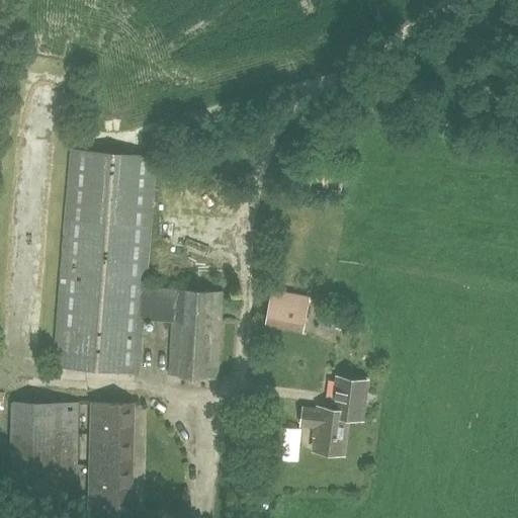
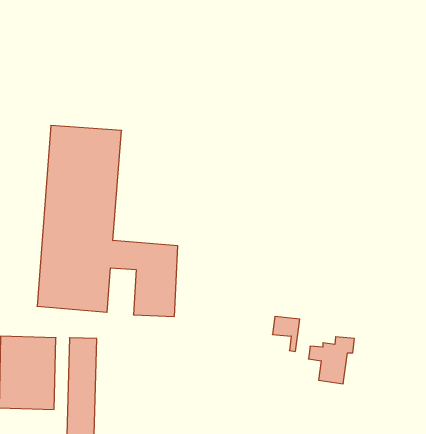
building: [265,290,310,333] -> none
building: [301,399,356,454] -> [308,337,354,384]

